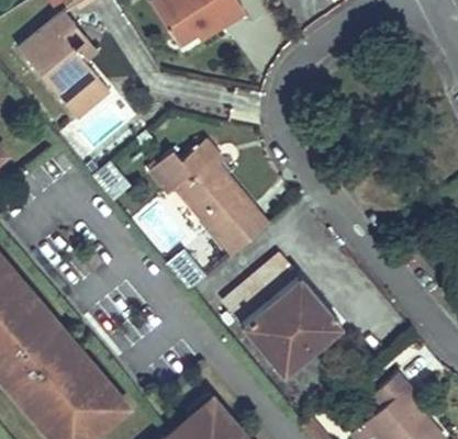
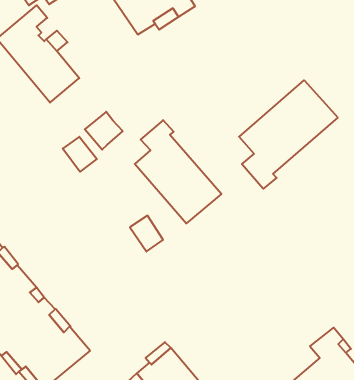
building: none -> [239,80,338,189]
building: [148,151,191,194] -> [85,112,123,150]
building: [223,254,339,373] -> none

